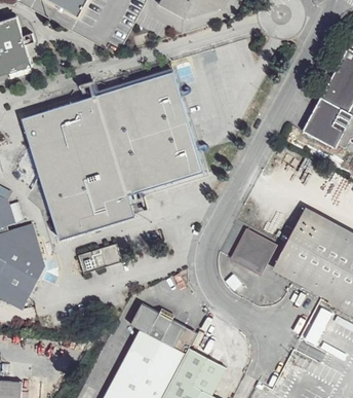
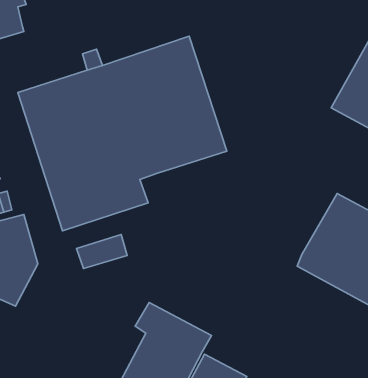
building: [231,229,277,275] -> none

